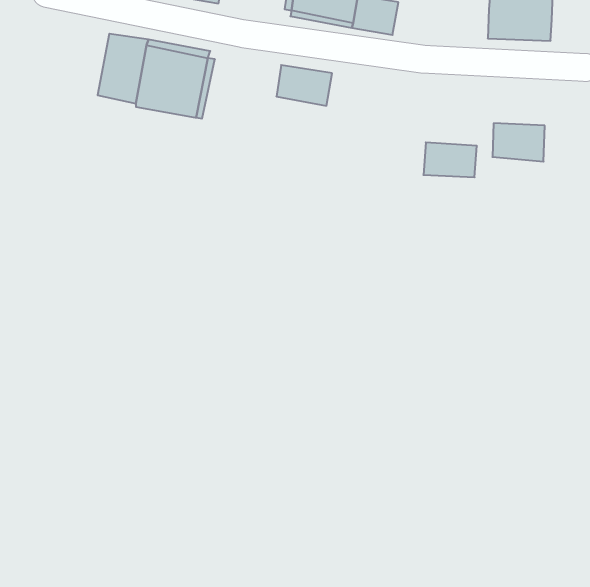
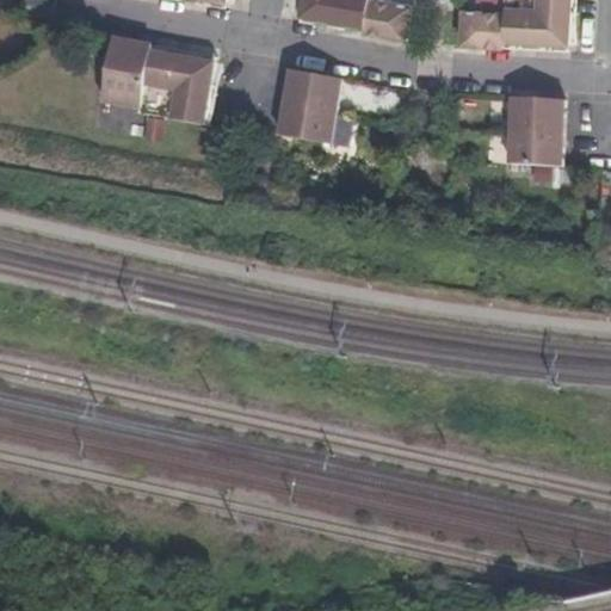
building: none -> [458,7,502,44]
building: none -> [278,99,335,142]
building: [423,142,477,177] -> [507,93,562,129]

